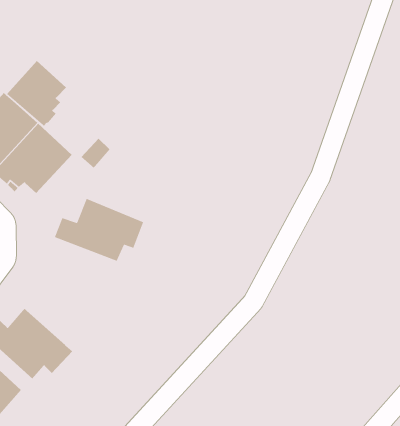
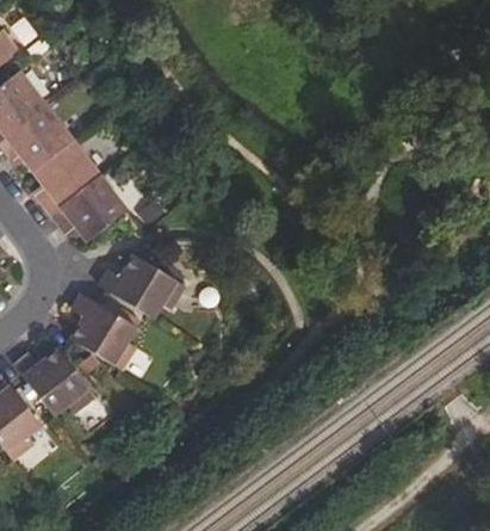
building: [6,60,67,127] -> none
building: none -> [69,292,137,371]

